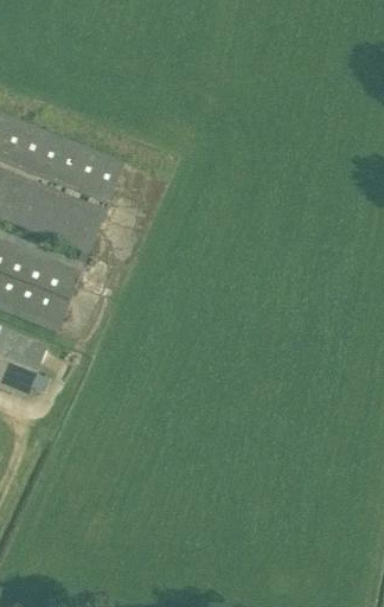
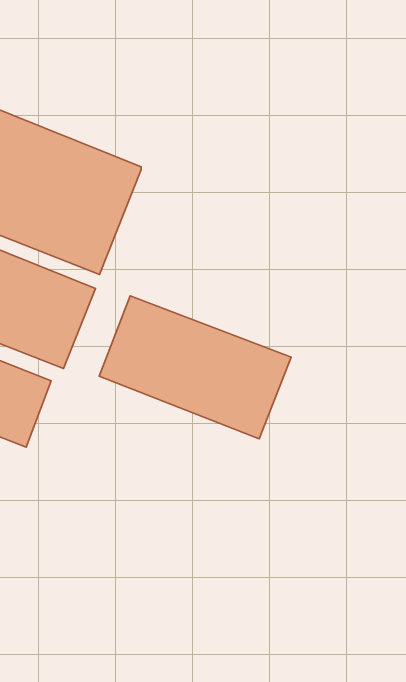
building: none -> [99,296,291,439]

